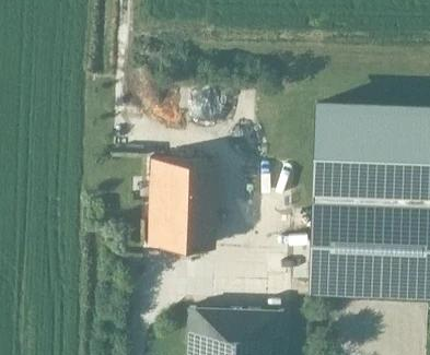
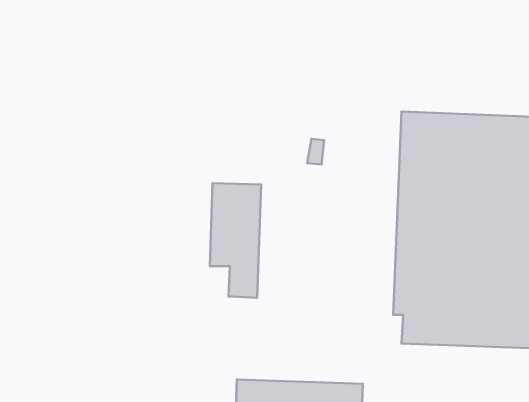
building: [147,161,184,248] -> none

